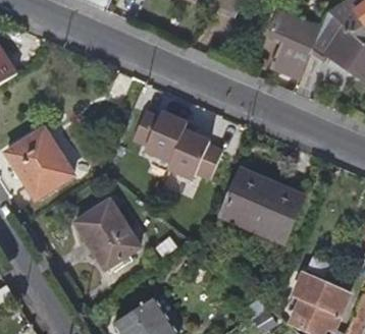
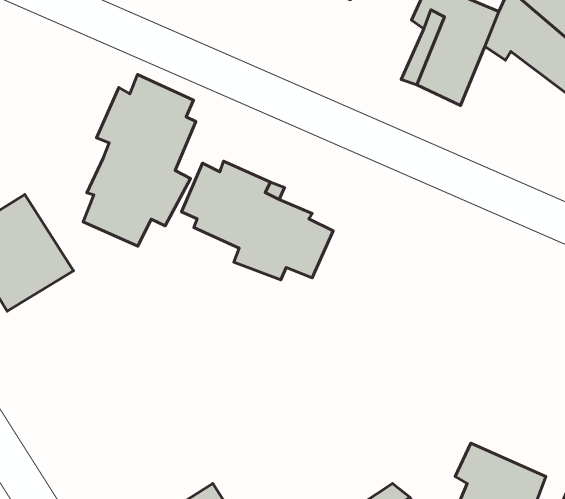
building: none -> [83,74,196,246]
building: [222,171,303,242] -> none
building: [74,201,138,269] -> none

